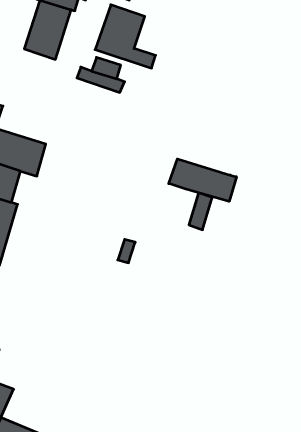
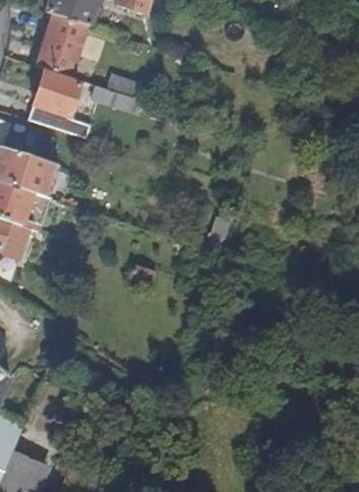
building: [95,5,156,68] -> [26,70,89,136]
building: [169,159,236,201] -> none

